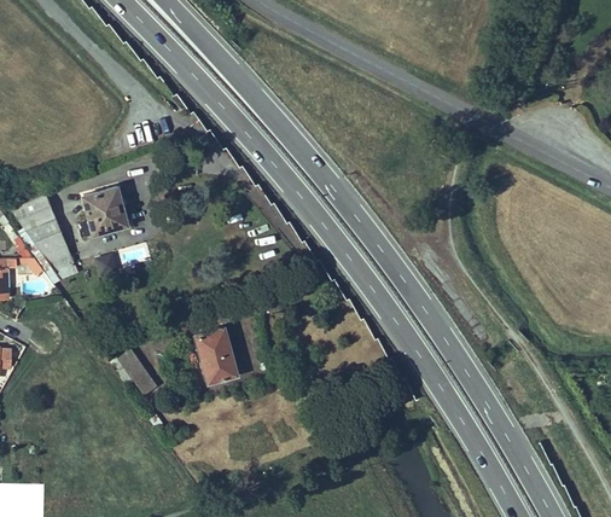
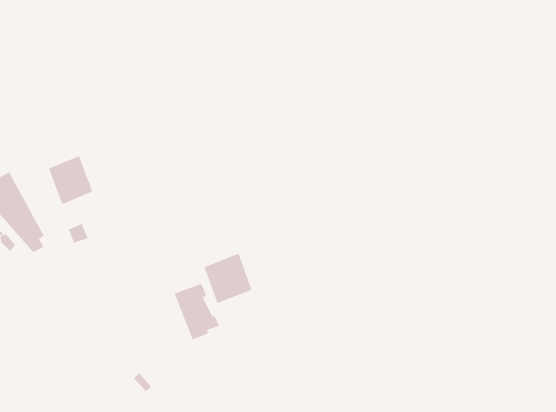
building: none -> [204,253,252,304]
building: [110,349,156,395] -> none

